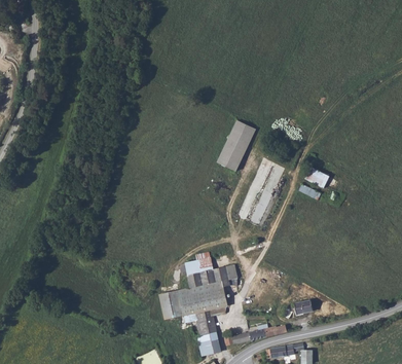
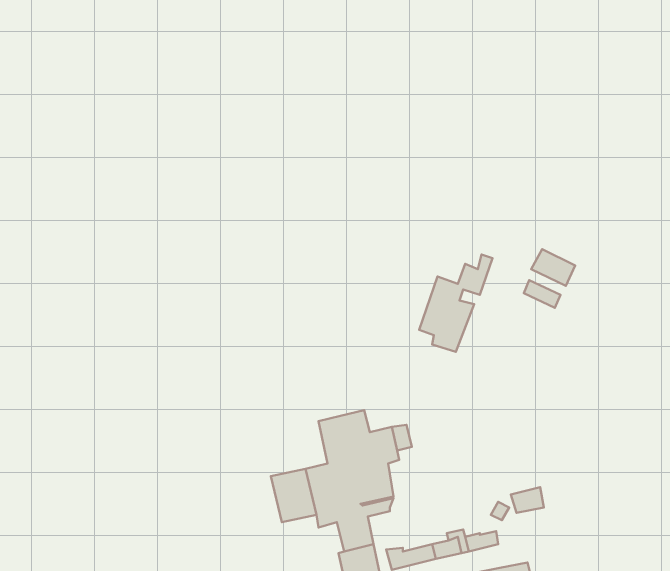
building: [215,121,255,172] -> none

